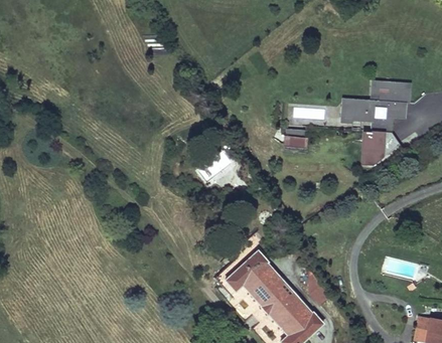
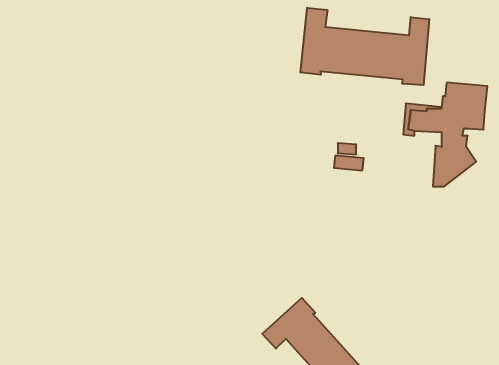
building: none -> [301,8,429,85]

